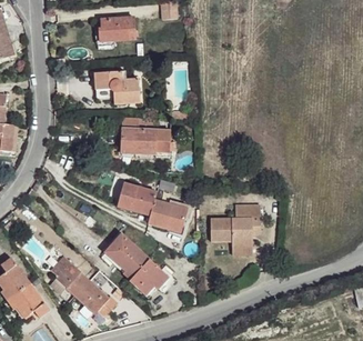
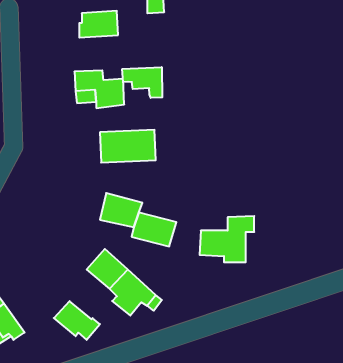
building: none -> [122,67,162,98]
building: [50,257,90,297] -> none

